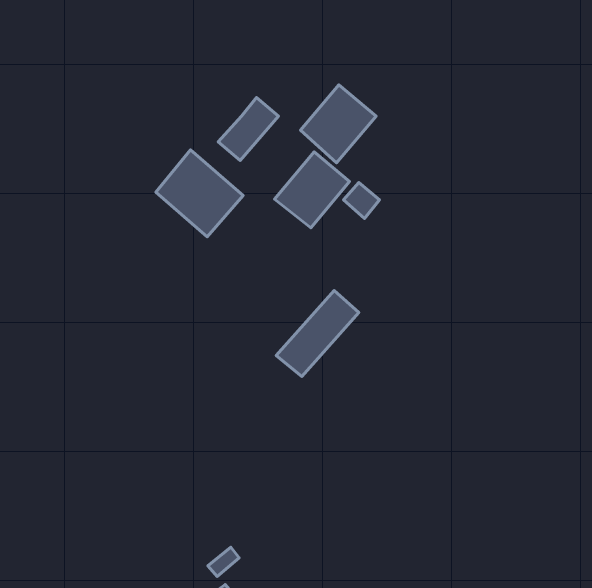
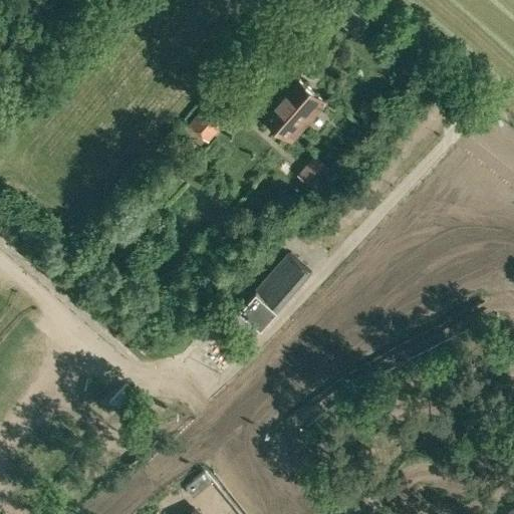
building: [156,150,243,237] -> none
building: [274,152,349,228] -> none

